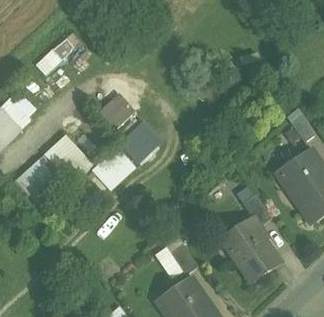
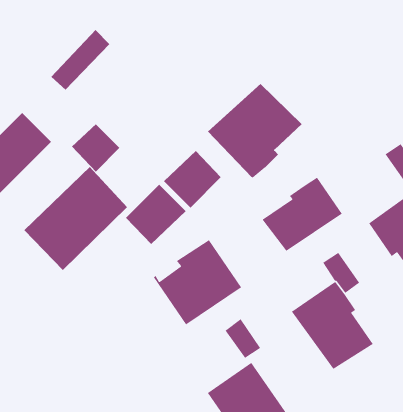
building: none -> [207,83,302,178]
building: [102,90,139,127] -> [71,124,120,172]
building: none -> [262,177,343,252]
building: none -> [153,239,242,326]

